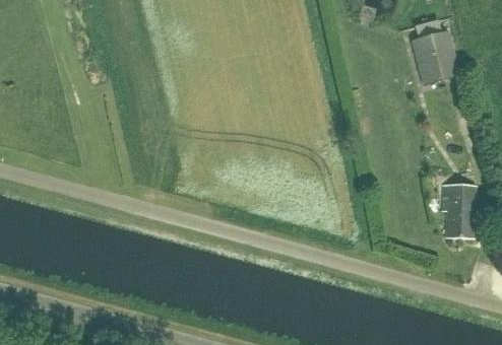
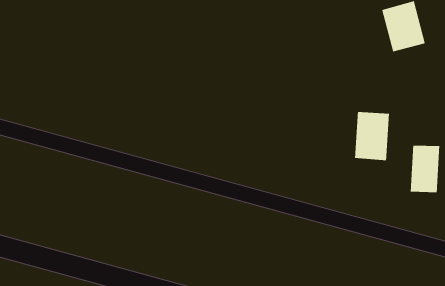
building: none -> [354,111,390,161]

